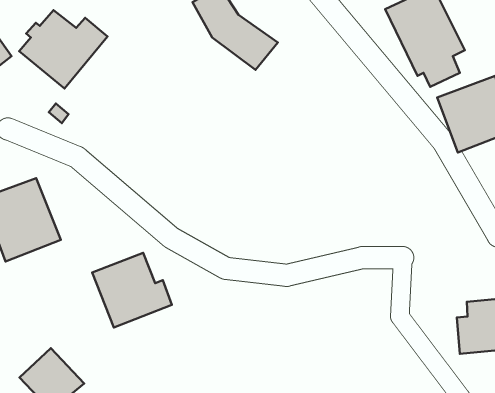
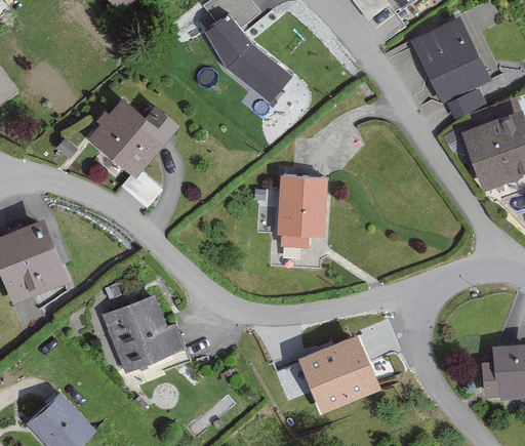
building: [19,10,108,89] -> [87,97,179,179]
building: none -> [276,177,326,250]
building: none -> [298,335,379,416]

